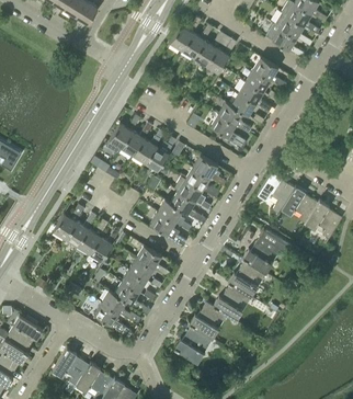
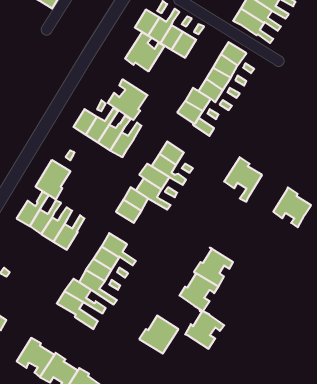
building: none -> [125,32,165,71]
building: none -> [108,79,148,120]
building: none -> [36,160,70,199]
building: [281,185,318,224] -> none
building: [242,230,289,273] -> none
building: [189,300,227,339] -> [185,310,224,349]

